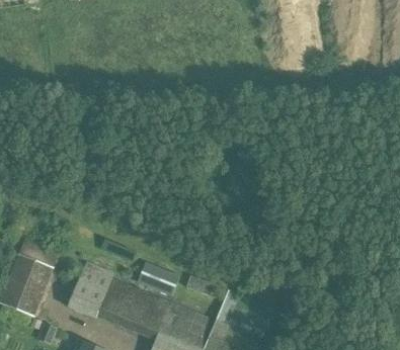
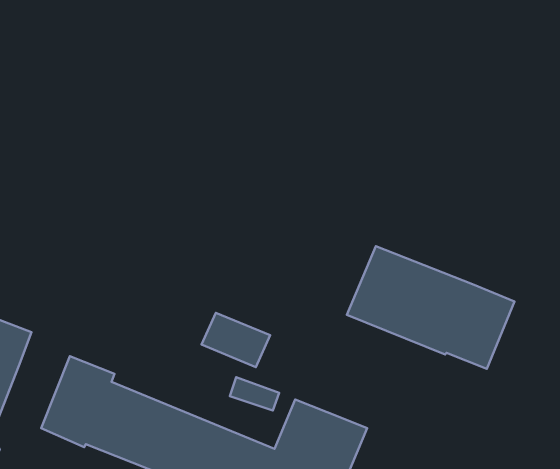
building: none -> [347,246,514,369]
building: [137,260,180,294] -> [201,313,270,367]

